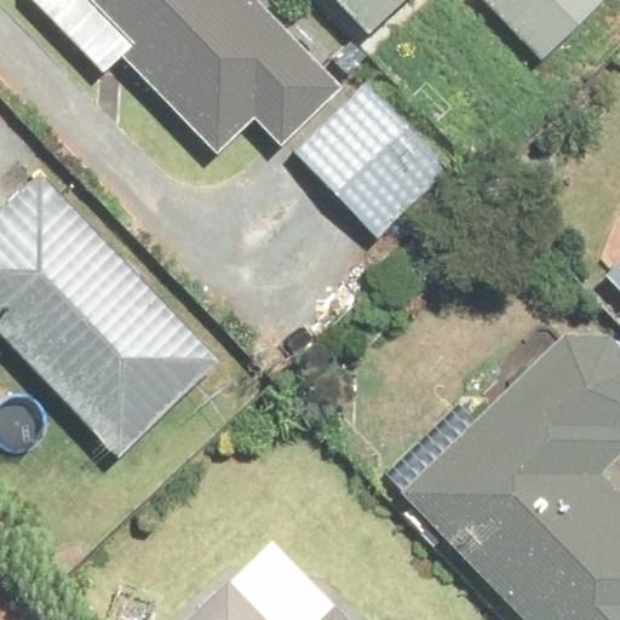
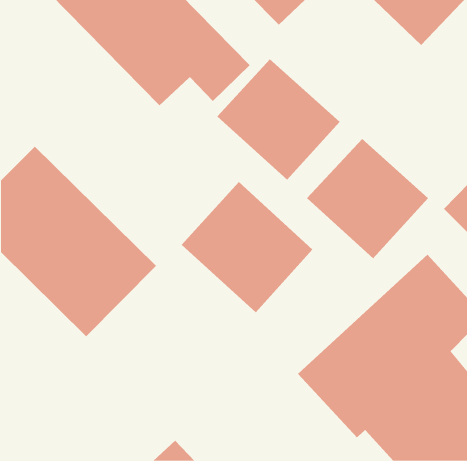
building: none -> [306,138,429,259]
building: none -> [181,181,313,313]

